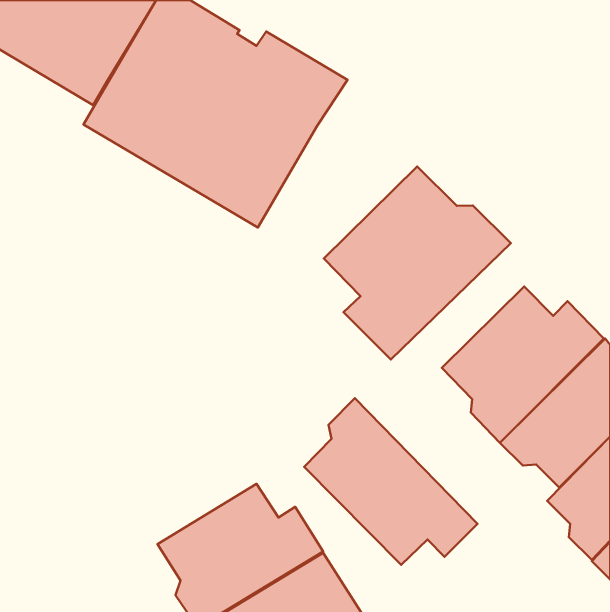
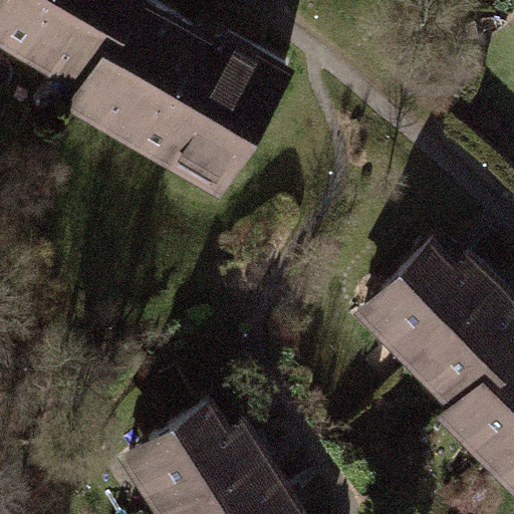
building: [324,166,511,359] -> none
building: [304,398,477,565] -> none

